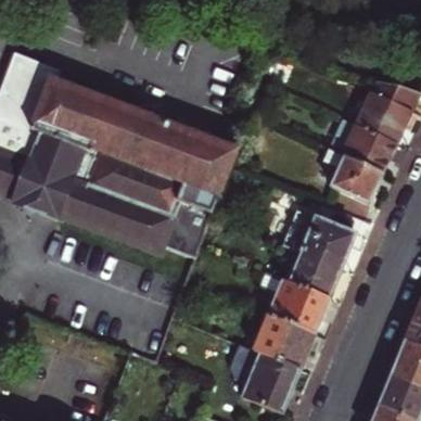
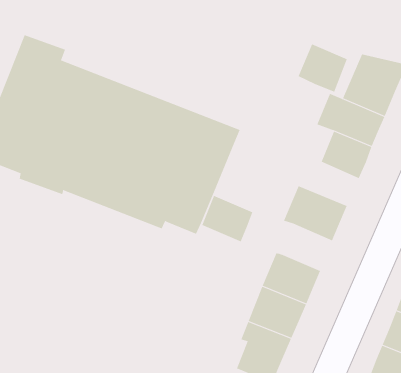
building: none -> [298,44,348,93]
building: [288,250,340,297] -> [202,195,253,242]

